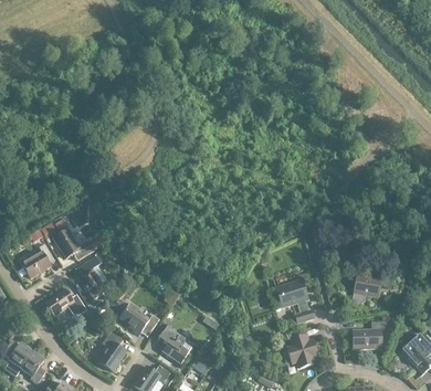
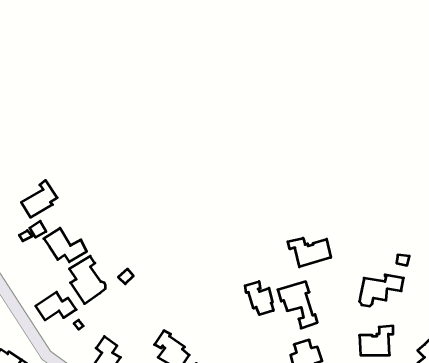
building: none -> [288,238,331,267]
building: [20,242,54,277] -> [21,180,57,217]
building: none -> [245,281,273,315]
building: [118,302,158,336] -> none

